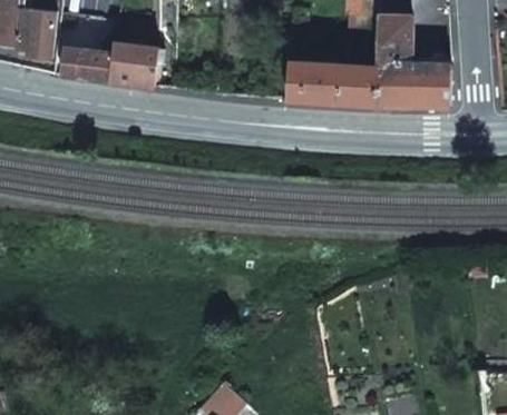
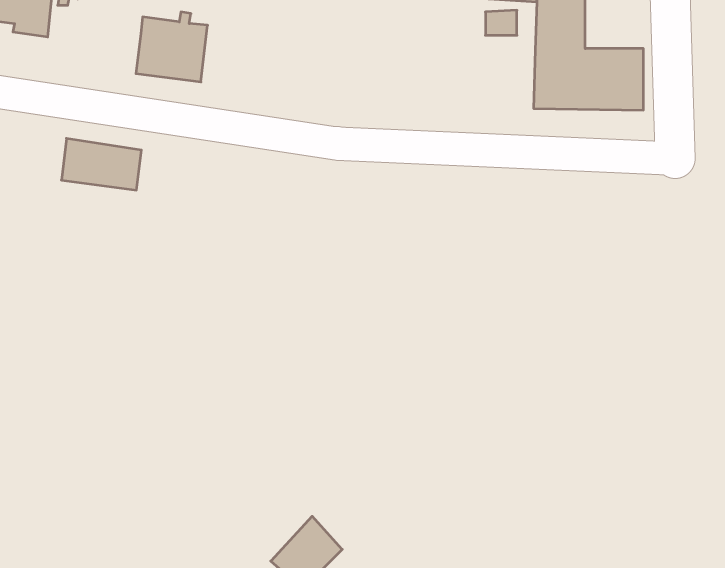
building: [59,48,113,82] -> [61,138,141,190]
building: [286,61,377,106] -> none

